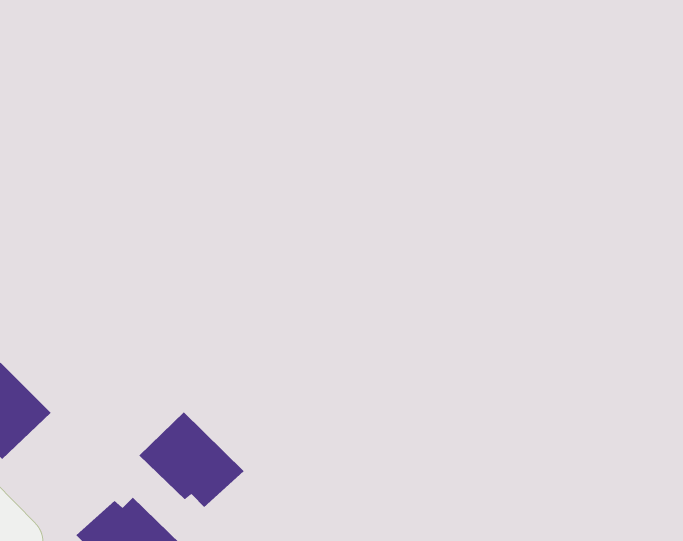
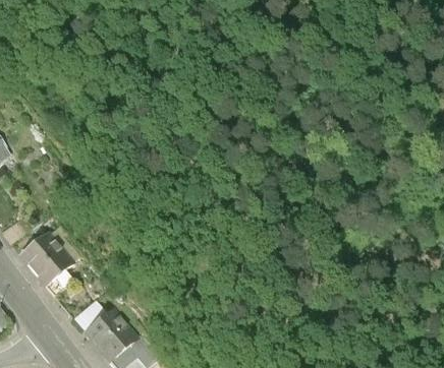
building: [139,411,245,508] -> none

